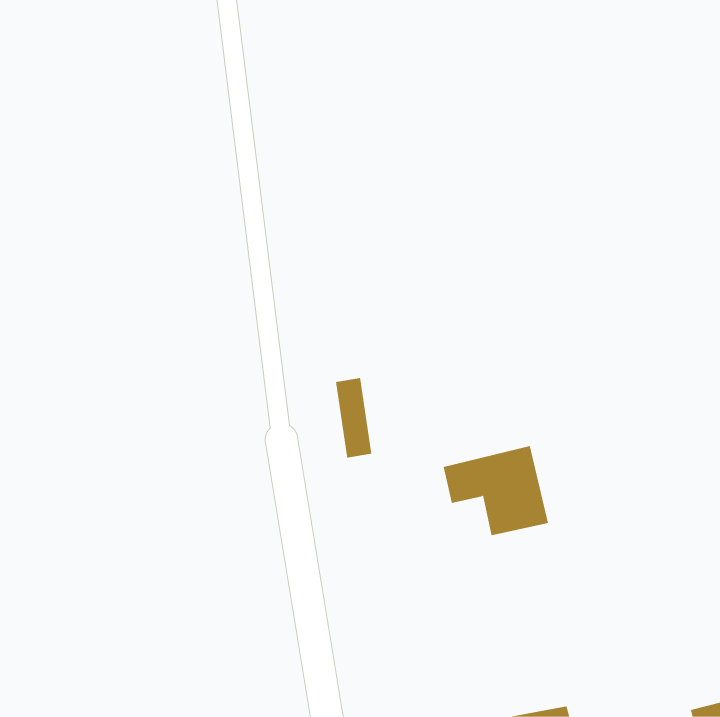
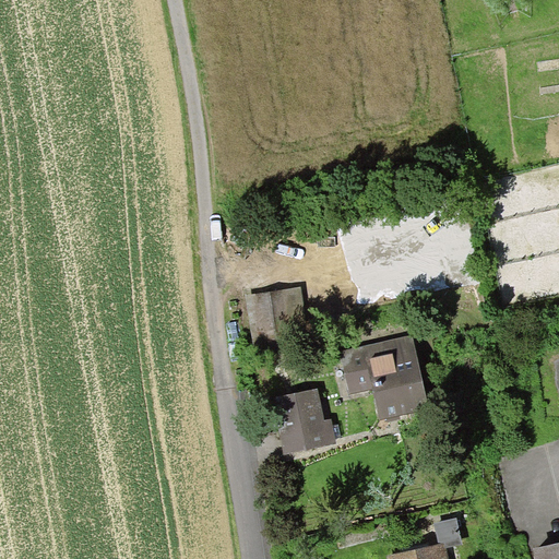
building: none -> [281,392,334,450]

